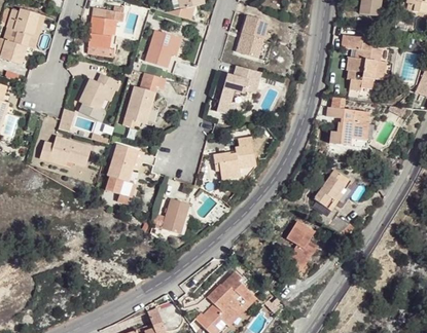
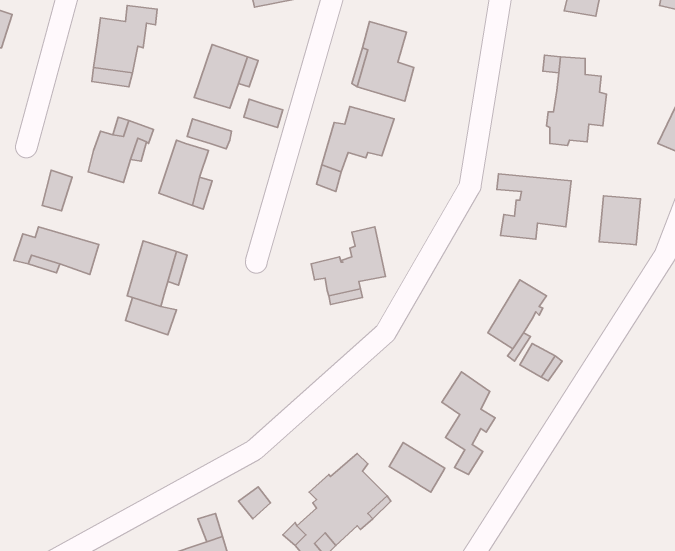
building: none -> [599,196,641,245]
building: [162,196,190,235] -> none
building: none -> [389,442,445,492]

